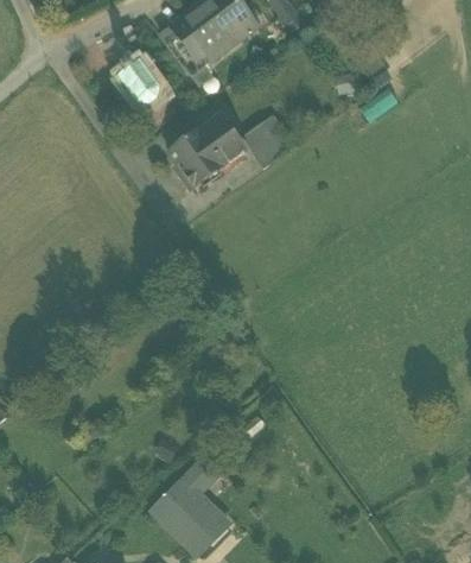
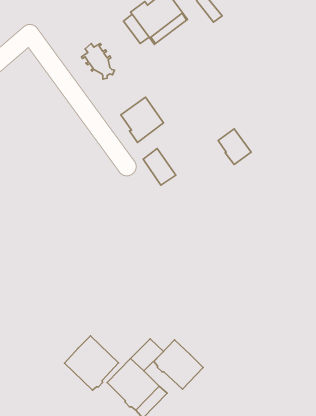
building: [202,116,246,165] -> [143,149,176,185]
building: [242,121,286,169] -> [218,129,251,165]
building: none -> [64,336,118,390]
building: none -> [154,340,203,389]

